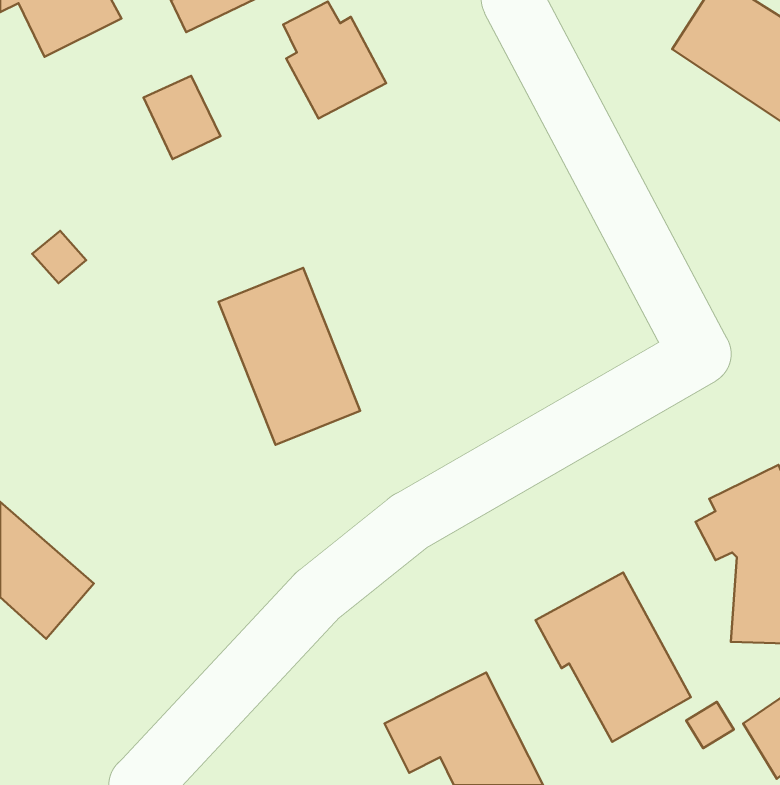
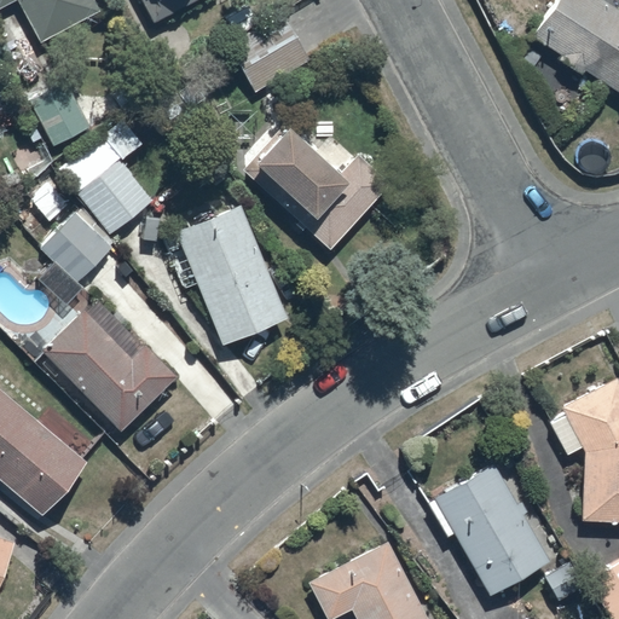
building: [143,76,220,159] -> [29,83,89,149]
building: none -> [244,127,389,253]
building: none -> [79,162,152,235]
building: none -> [42,214,114,285]
building: none -> [41,303,177,435]

